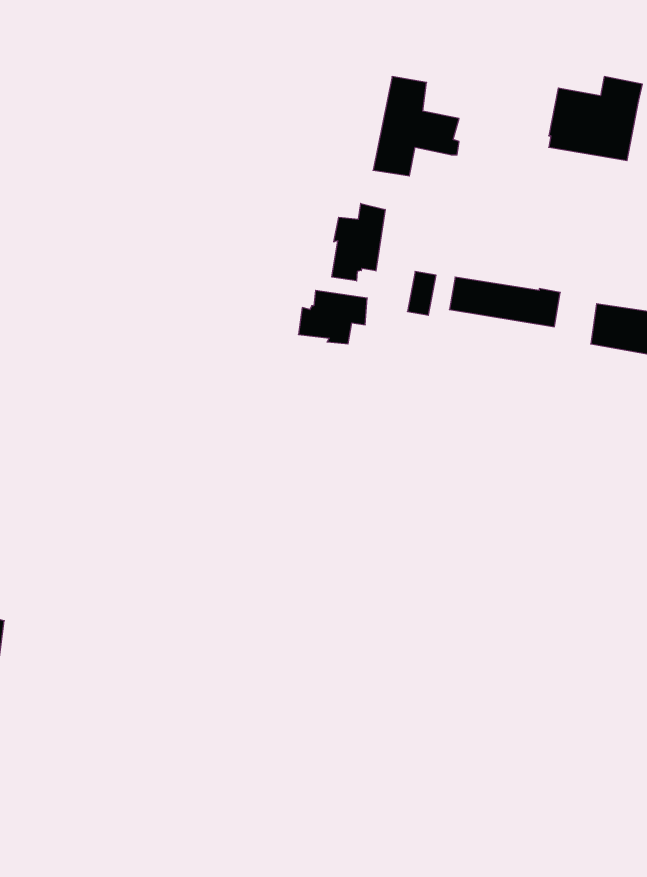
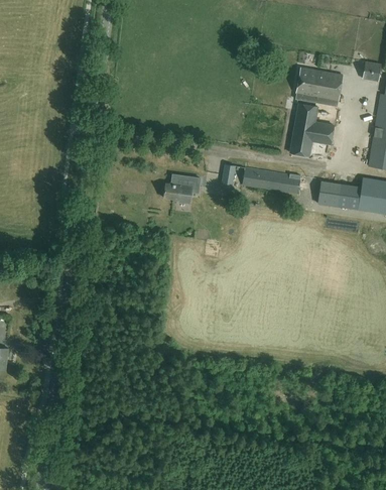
building: [373,77,459,176] -> [289,103,335,155]
building: [332,203,385,281] -> none

